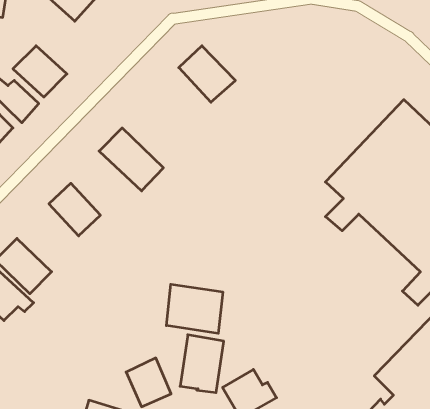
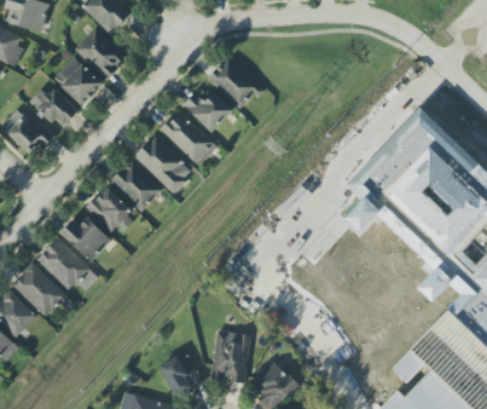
building: none -> [75,27,127,79]
building: none -> [184,91,234,133]
building: none -> [161,110,218,166]
building: none -> [110,160,163,212]
building: none -> [62,217,111,261]
building: [166,284,223,333] -> none

